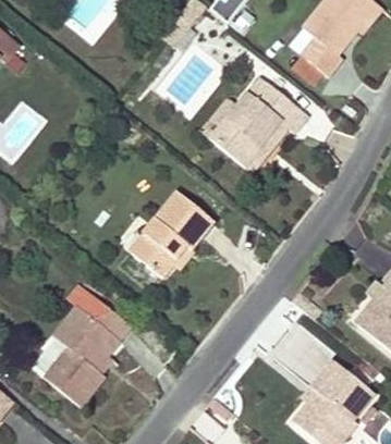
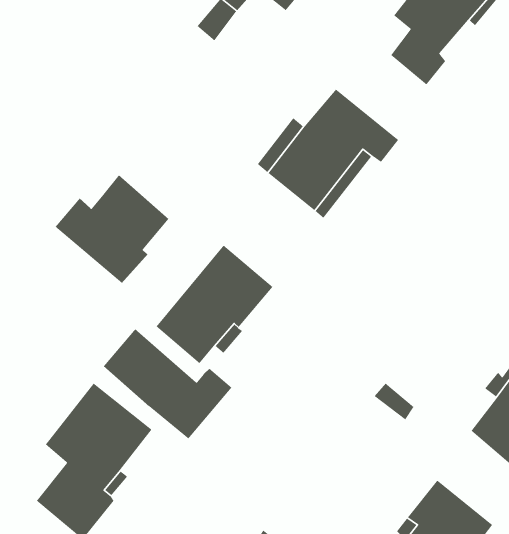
building: none -> [54,174,170,284]
building: none -> [103,328,232,439]

